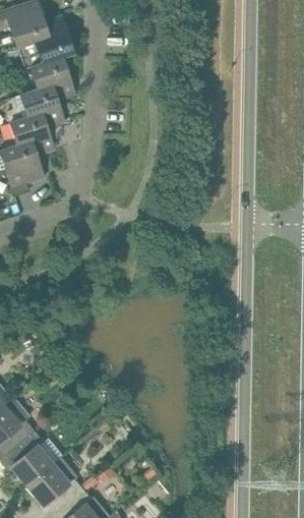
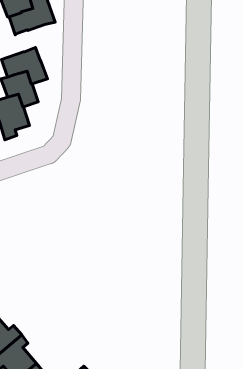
building: [31,57,76,101] -> none

